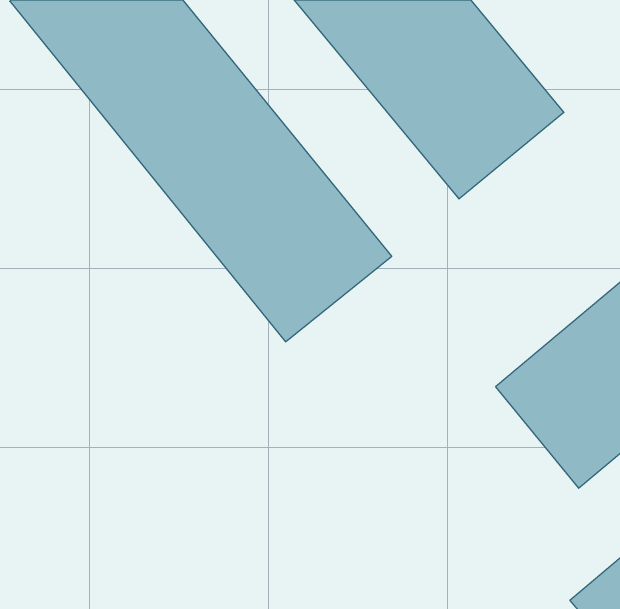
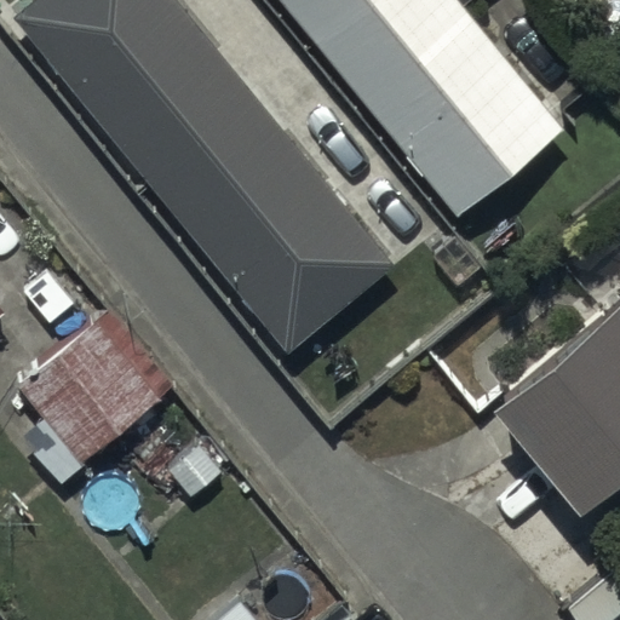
building: none -> [17,314,171,467]

